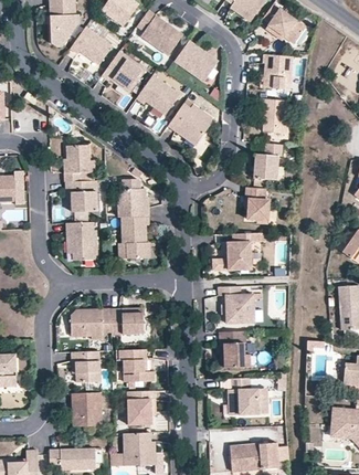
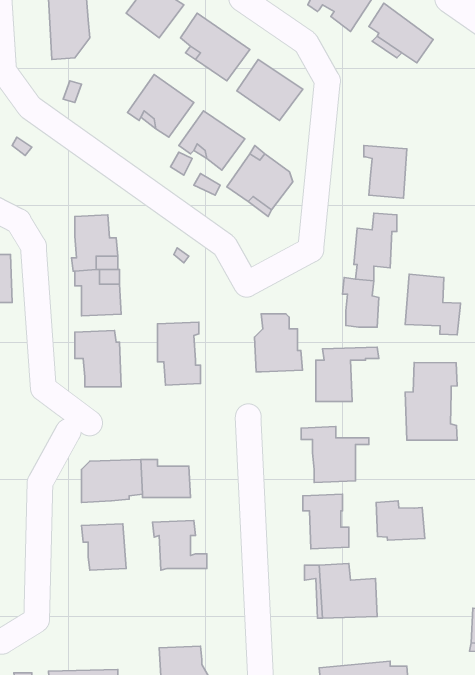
building: [71,27,113,65] -> none
building: [260,54,293,89] -> none
building: [117,179,149,218] -> [254,314,302,372]
building: none -> [405,274,460,335]
building: none -> [405,363,457,440]
building: none -> [376,501,425,540]
building: [127,391,156,424] -> none
building: [72,392,102,426] -> none

